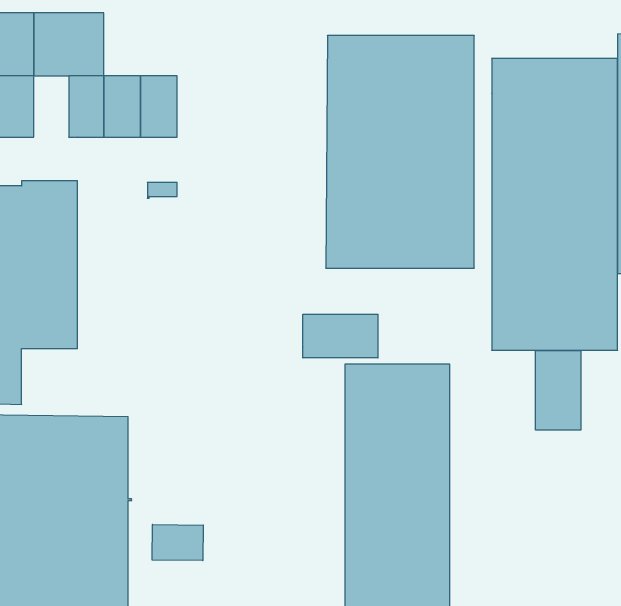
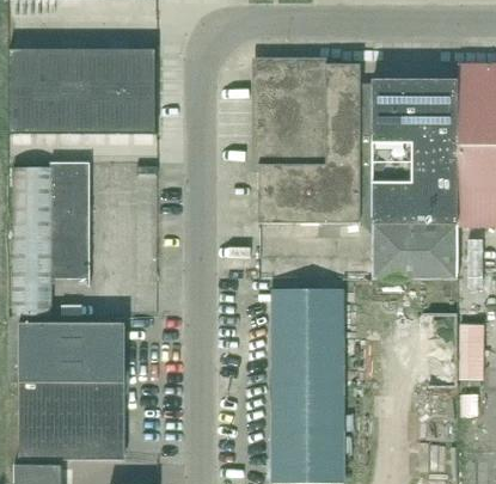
building: none -> [106,48,157,91]
building: none -> [59,91,82,133]
building: [303,314,378,358] -> none
building: [536,351,581,430] -> none
building: [152,524,203,561] -> none

